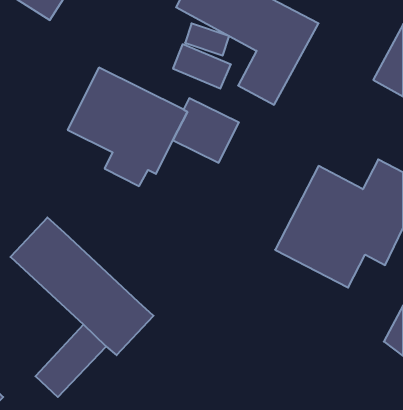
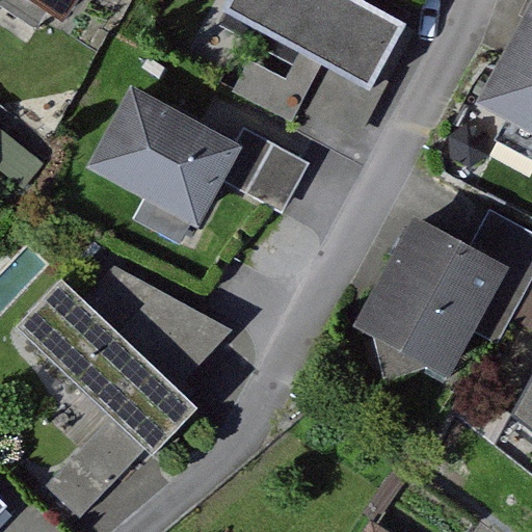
building: none -> [83,264,225,390]

